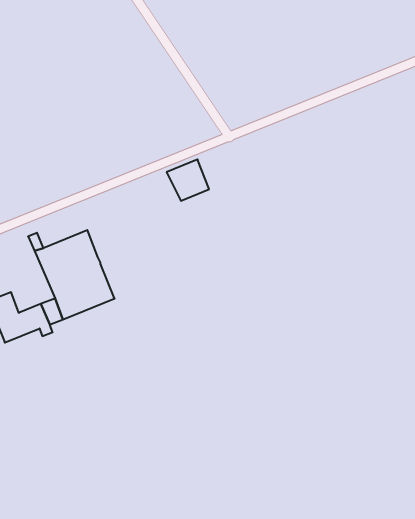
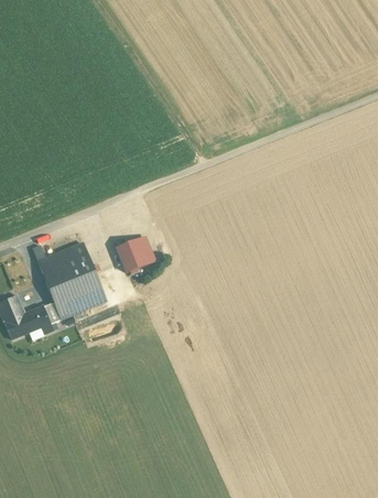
building: [167,159,209,201] -> [117,236,153,271]

